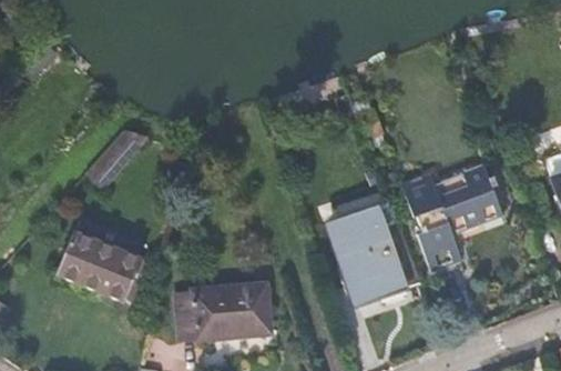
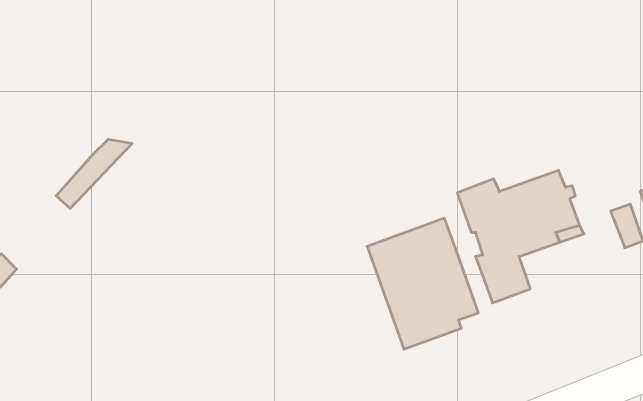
building: [62,240,152,304] -> none
building: [177,281,269,335] -> none

